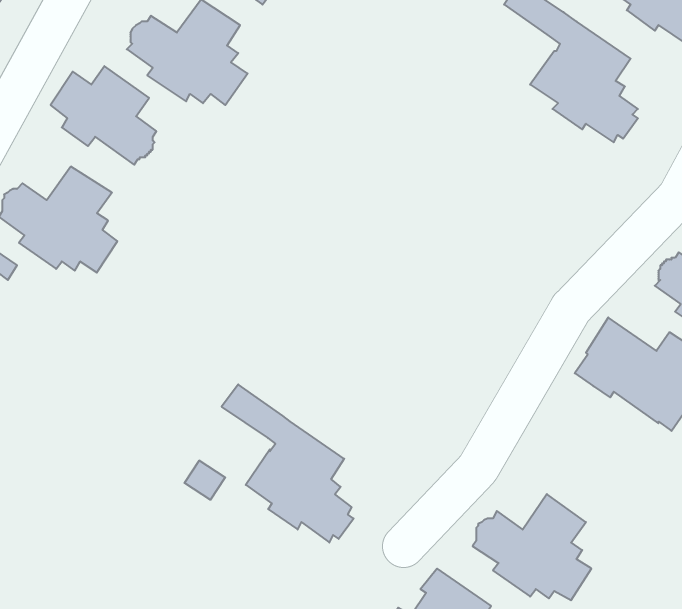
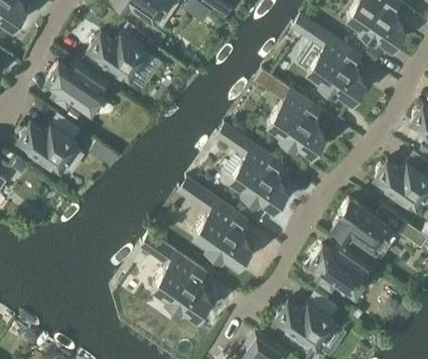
building: none -> [268,89,326,154]
building: none -> [217,123,288,209]
building: none -> [179,177,253,265]
building: none -> [310,243,369,295]

